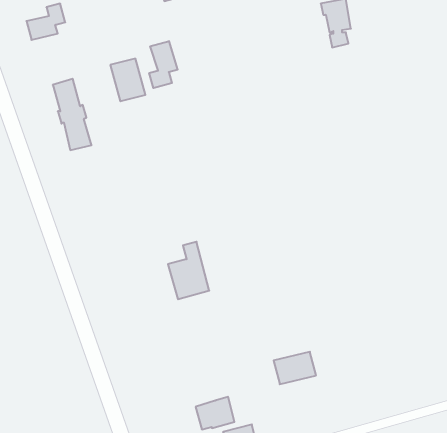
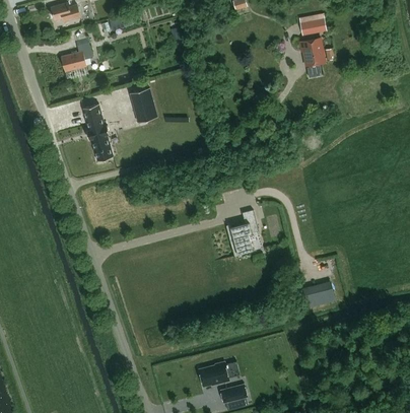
building: [149,41,178,88] -> none
building: [168,242,209,299] -> [229,209,263,256]
building: [274,352,316,384] -> [300,281,335,307]

